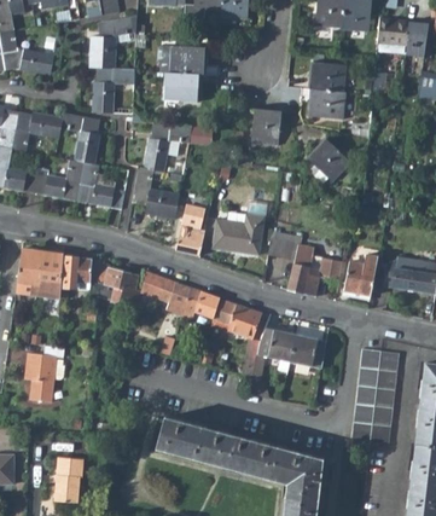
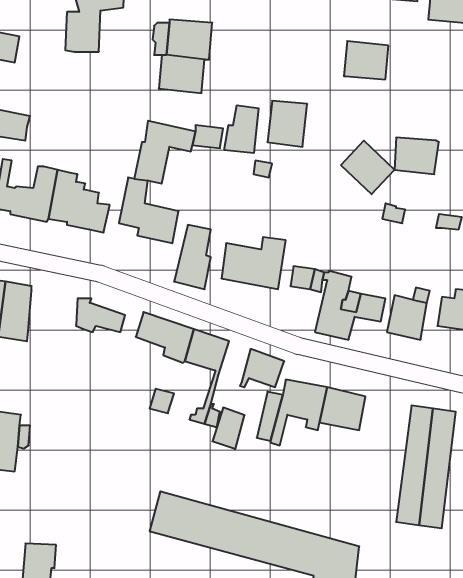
building: [92,69,135,116] -> none
building: [310,88,345,117] -> [395,138,439,174]
building: none -> [224,105,259,153]
building: [60,114,100,164] -> none
building: [65,257,100,288] -> none
building: [211,297,237,330] -> [212,408,245,449]

